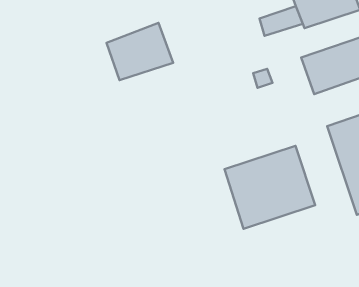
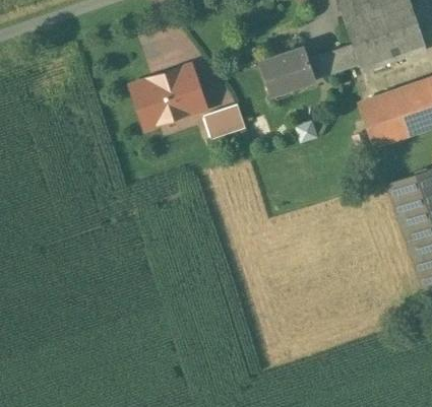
building: none -> [260,48,315,93]
building: none -> [211,99,253,135]
building: [224,146,315,229] -> none

